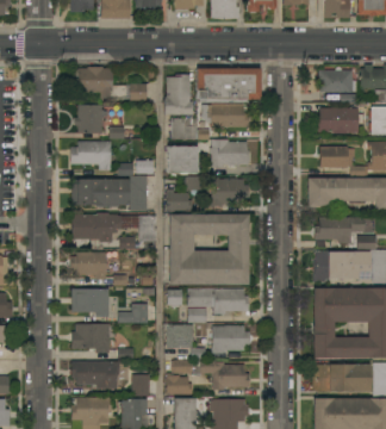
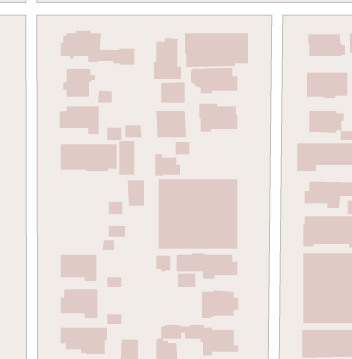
building: [211,178,249,206] -> none
building: [71,212,122,242] -> none
building: [70,251,106,279] -> none
building: [167,324,194,347] -> none

